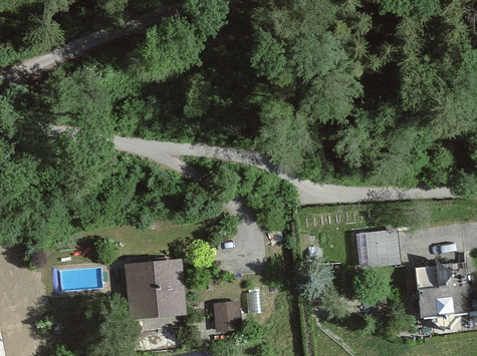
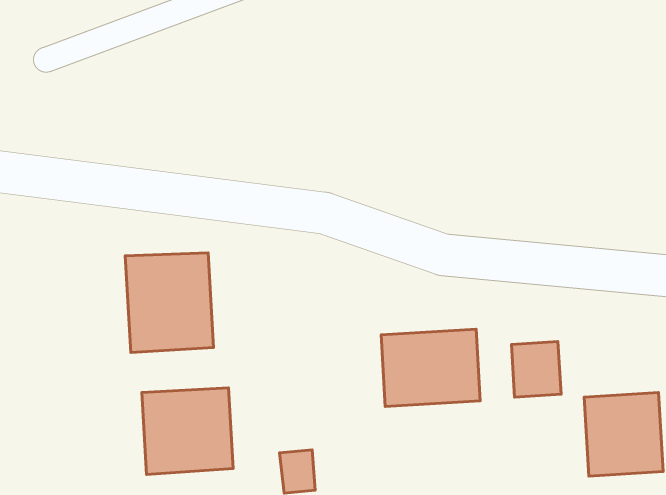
building: none -> [125,253,214,353]
building: none -> [381,329,480,406]

